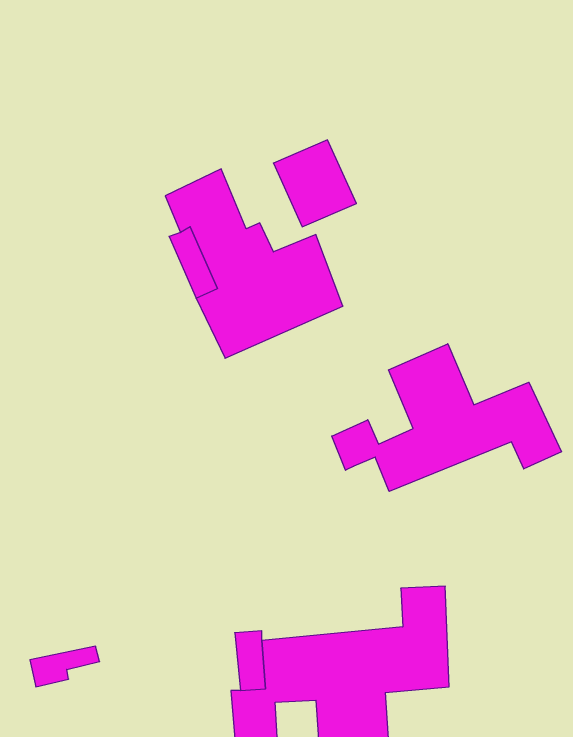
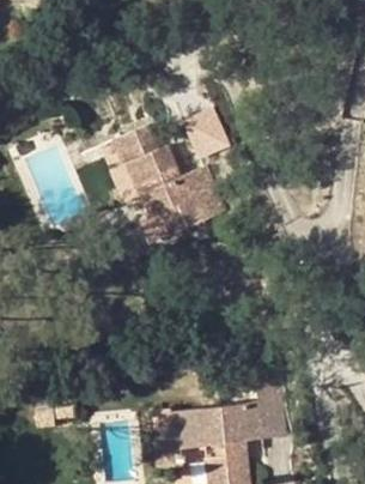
building: [332,344,561,491] -> none

